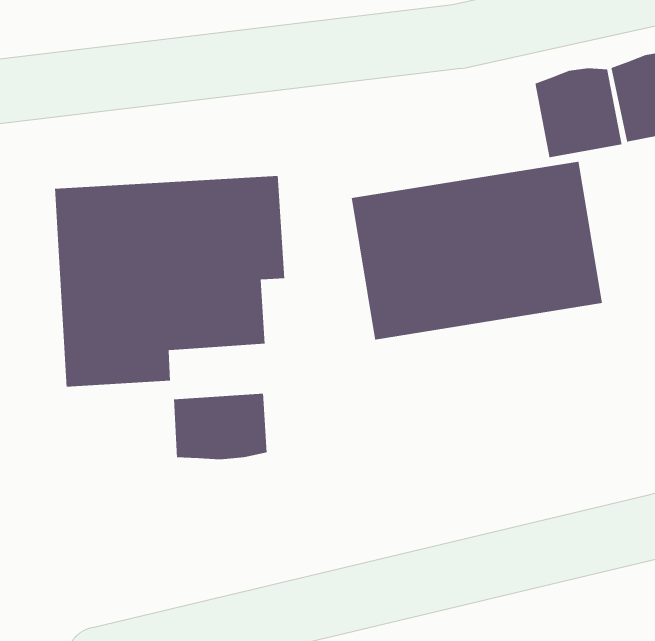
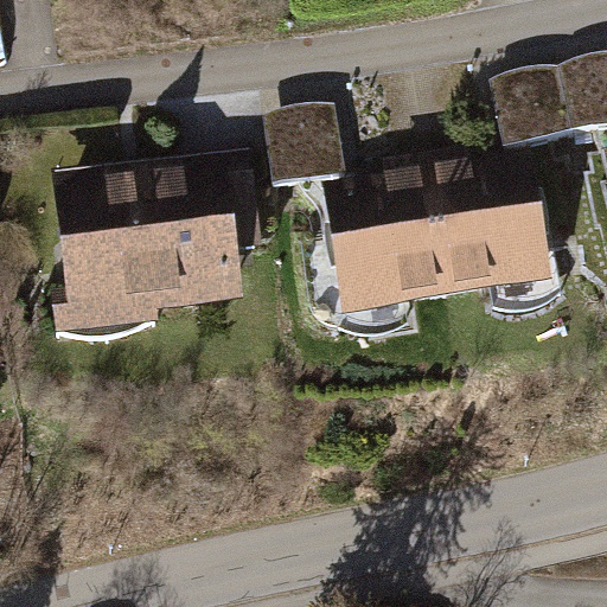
building: none -> [264,103,343,184]
building: [173,393,267,460] -> none

